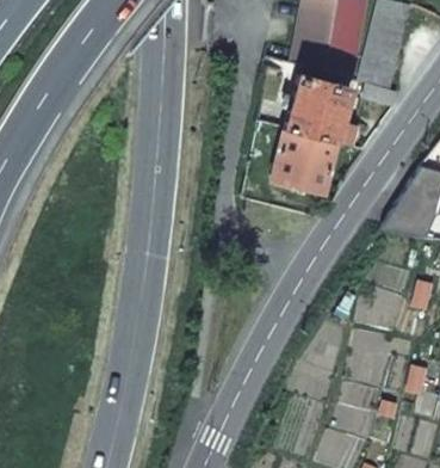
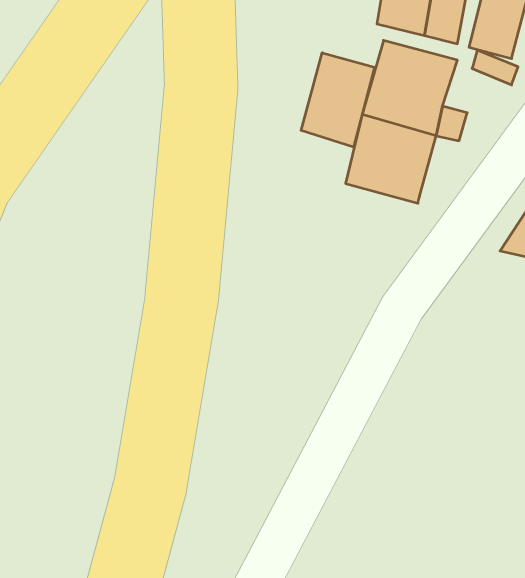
building: none -> [301,53,374,147]

